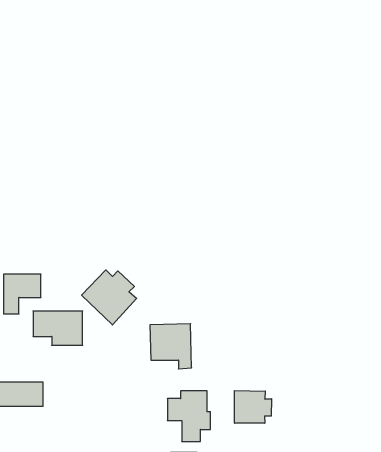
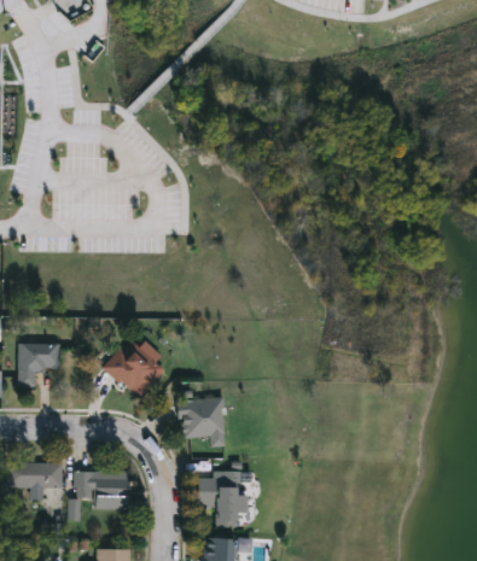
building: [33,311,83,345] -> [74,472,128,509]
building: [234,391,272,423] -> none

